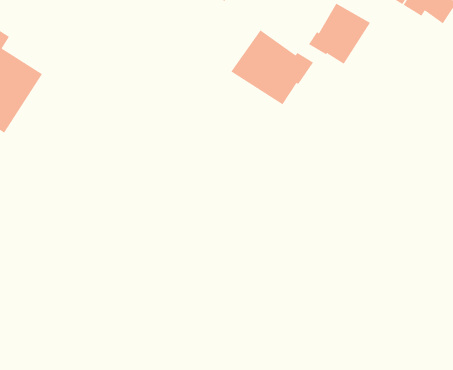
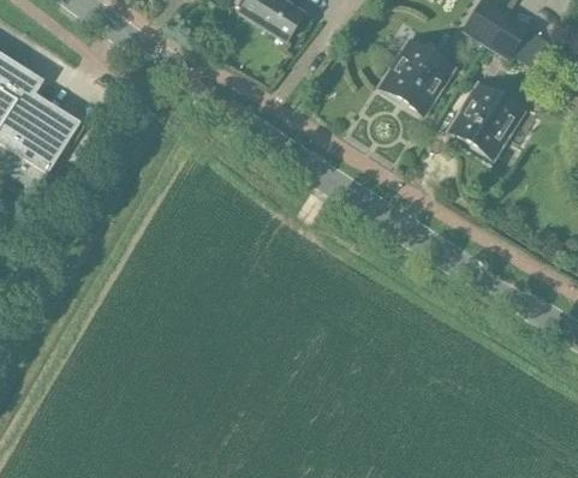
building: [231,30,314,105] -> none
building: none -> [451,85,517,157]

